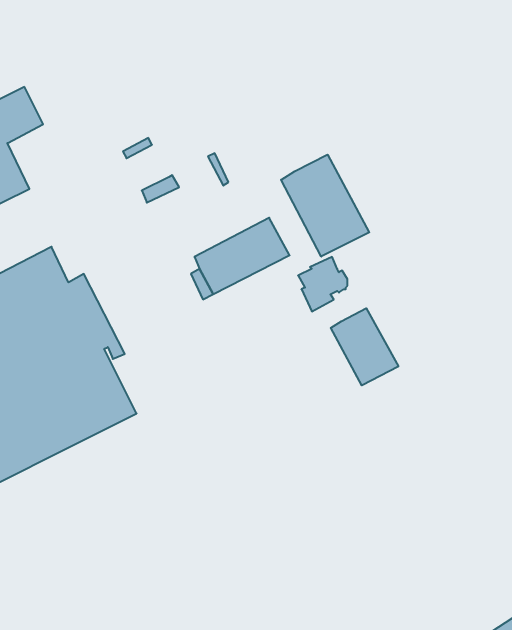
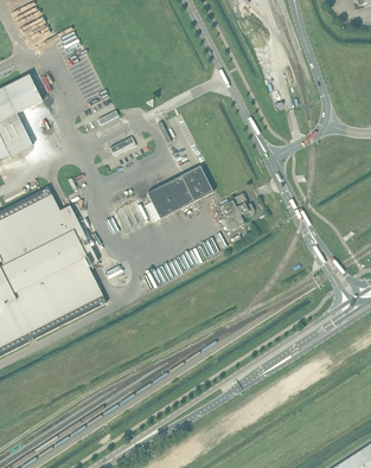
building: [281,155,369,257] -> none
building: [331,308,398,385] -> none

